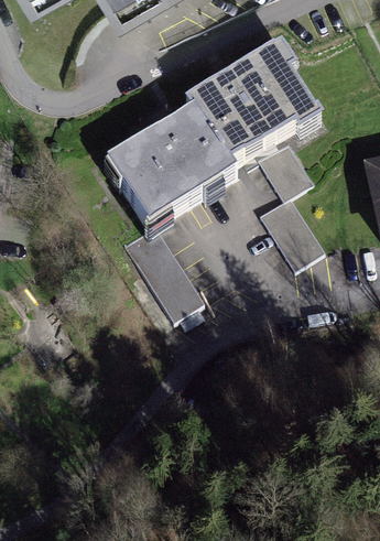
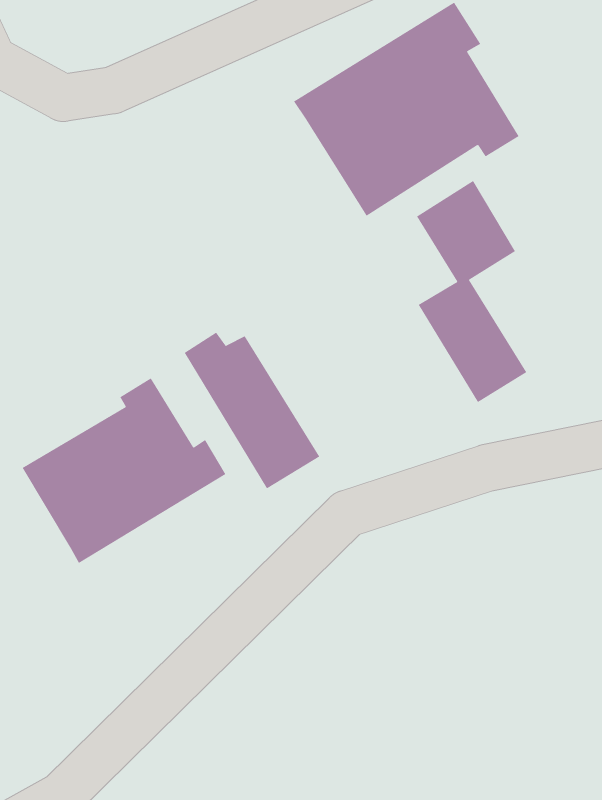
building: [101,101,231,220] -> none
building: none -> [22,377,226,564]

